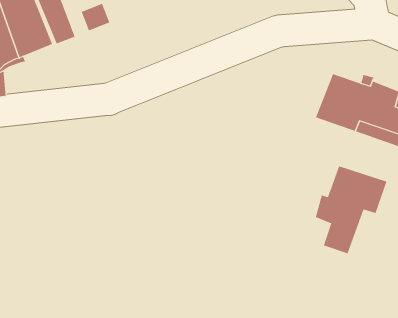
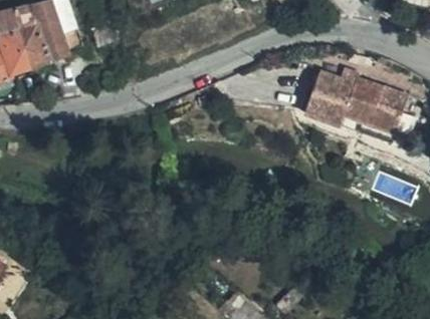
building: [315,166,387,254] -> none

